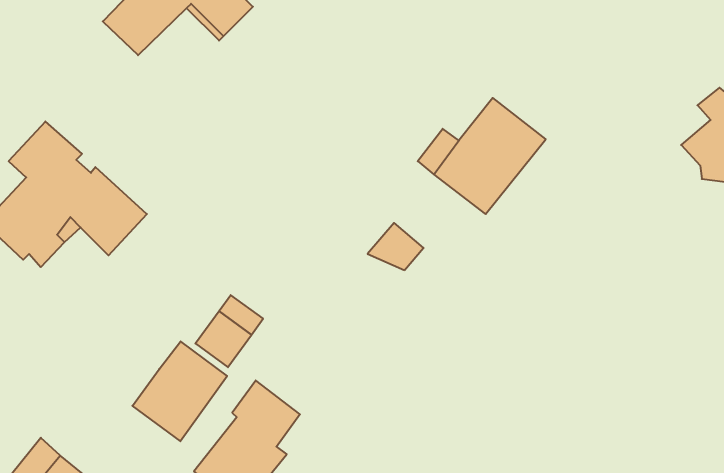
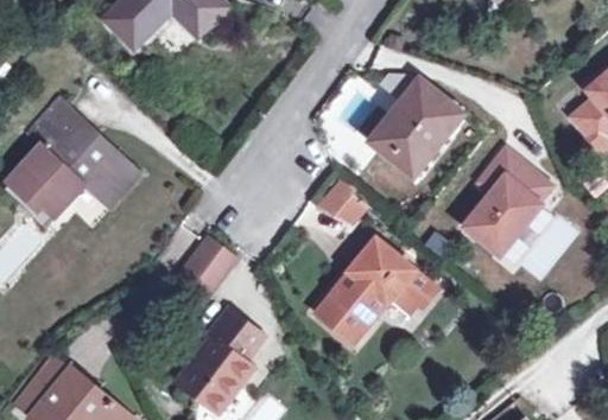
building: none -> [466,149,551,255]
building: none -> [317,238,436,343]
building: [132,341,227,441] -> none

